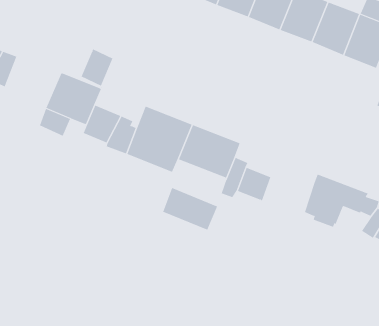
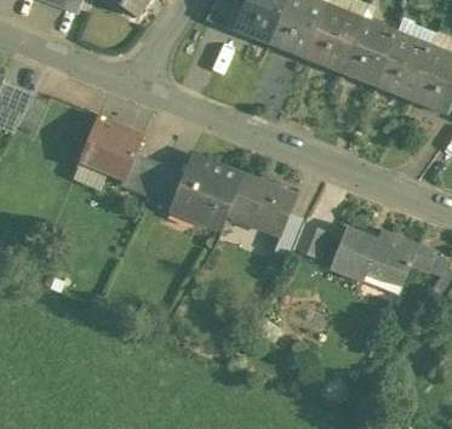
building: [81,49,113,86] -> none
building: none -> [317,225,378,281]
building: [162,187,218,230] -> none

